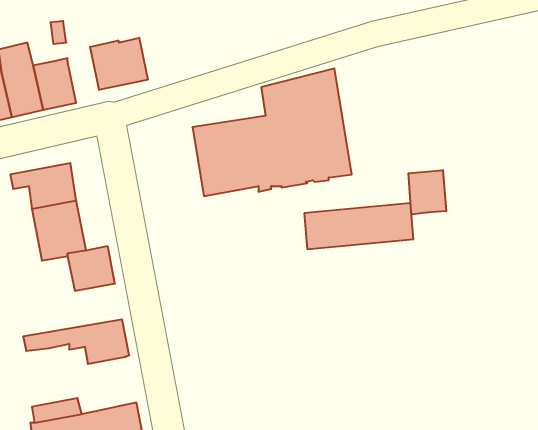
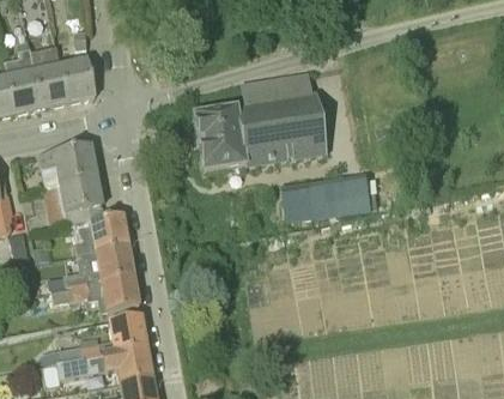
building: [90,38,148,90] -> none
building: [408,170,446,215] -> none
building: none -> [49,246,134,290]
building: none -> [108,315,146,352]

